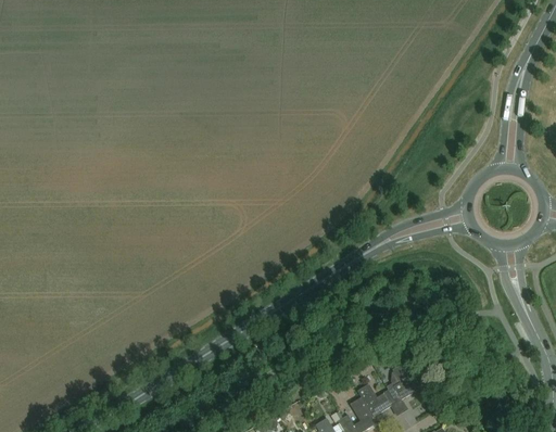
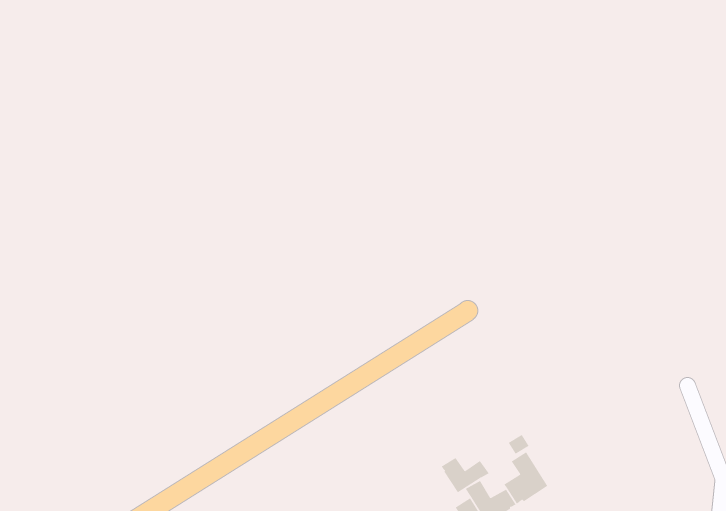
building: none -> [441,457,489,493]

